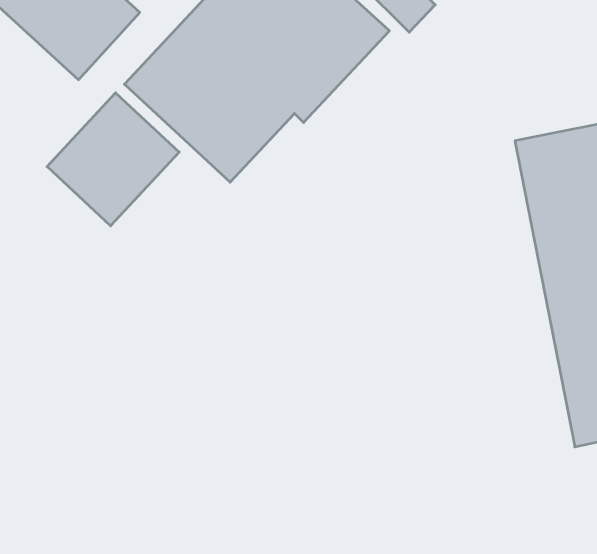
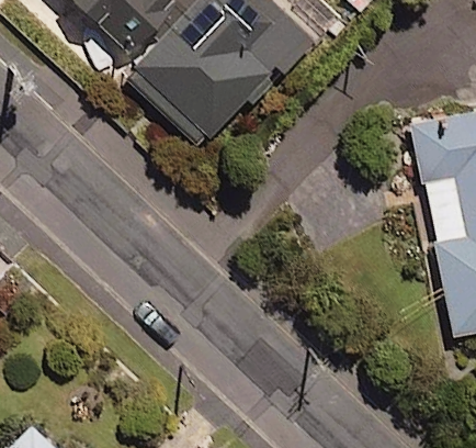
building: [47,93,179,226] -> none

